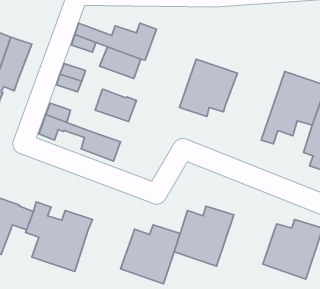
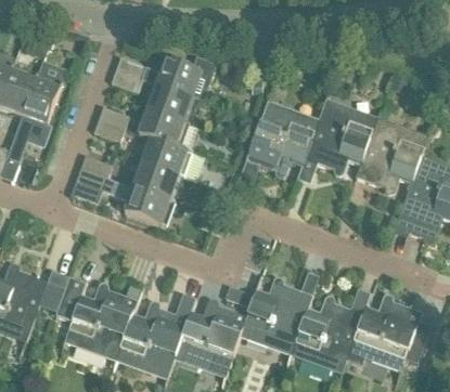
building: none -> [301,97,375,170]
building: none -> [138,109,189,148]
building: none -> [132,164,182,202]
building: none -> [291,299,362,373]
building: none -> [116,305,188,379]

